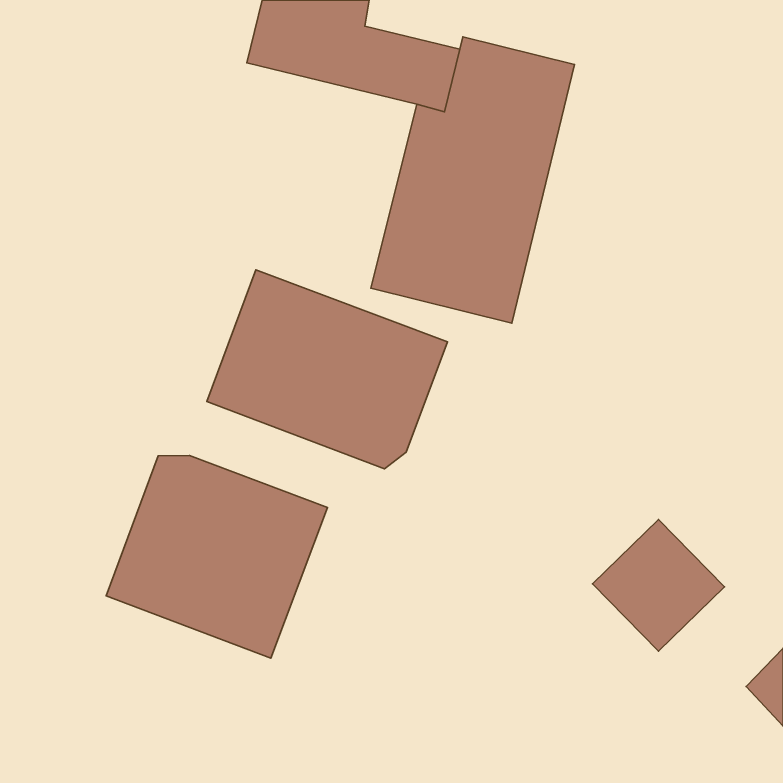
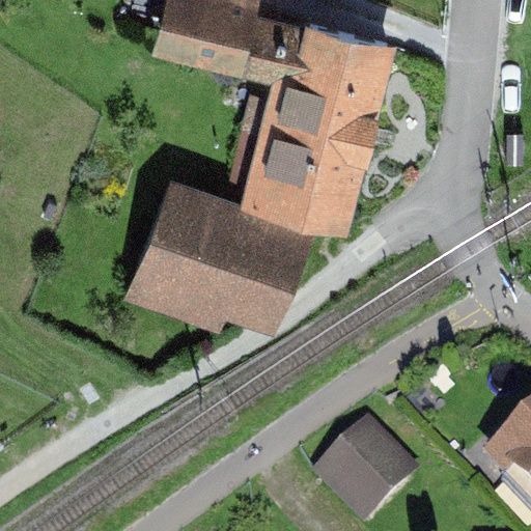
building: [106,456,328,658] -> none
building: [593,519,724,651] -> [325,430,414,520]

